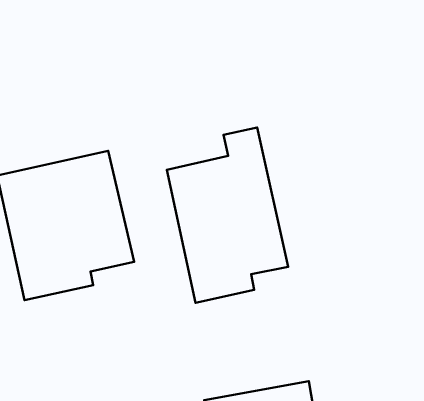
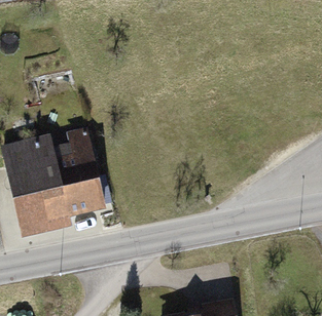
building: [167,127,288,303] -> none

